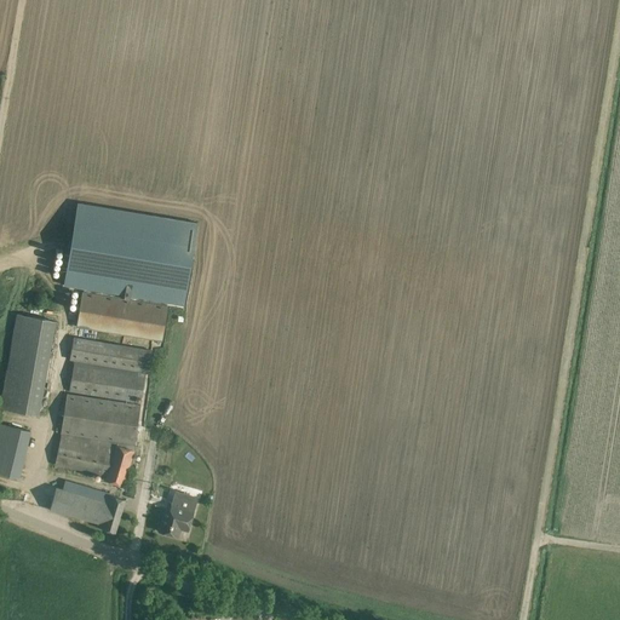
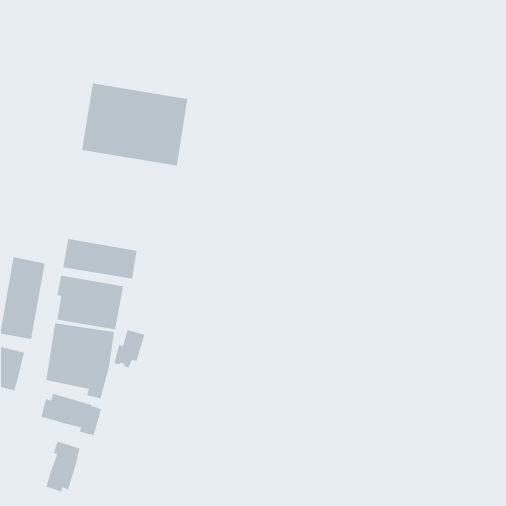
building: [67,203,197,305] -> [81,83,188,166]
building: [159,490,197,538] -> [113,330,145,368]
building: none -> [46,441,80,493]

